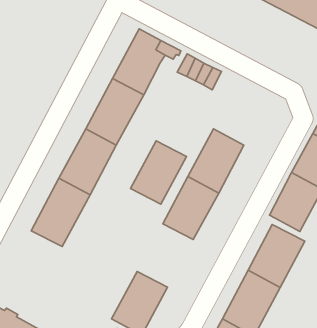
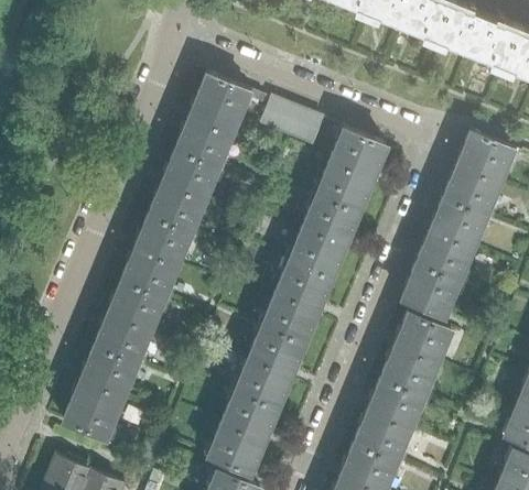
building: none -> [317,129,387,213]
building: [130,141,187,204] -> [236,326,305,409]
building: none -> [63,352,134,445]

